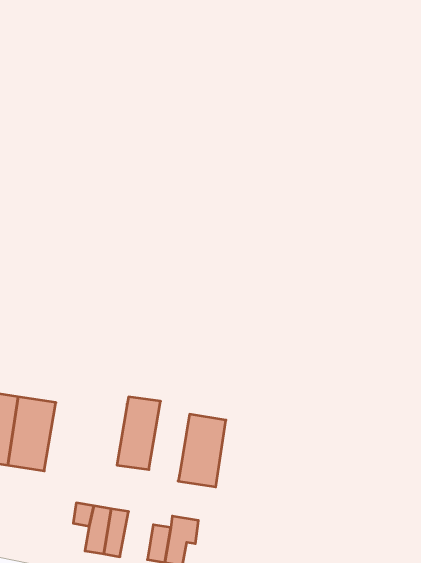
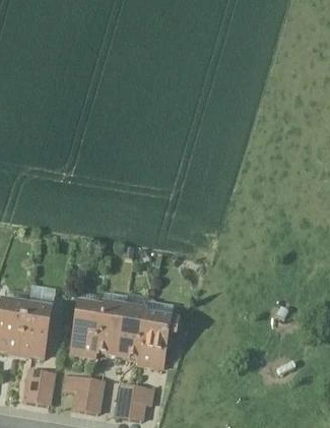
building: none -> [70,301,103,353]
building: none -> [118,304,147,356]
building: none -> [25,369,55,404]

